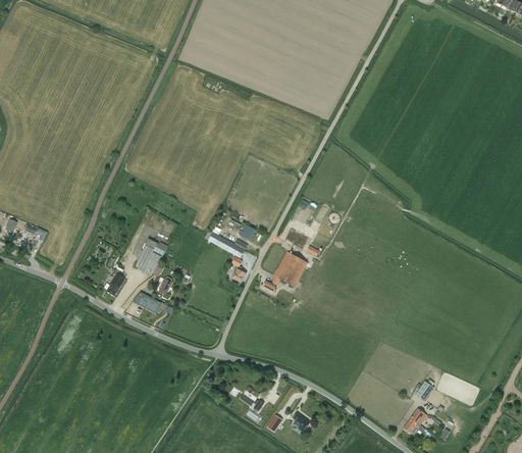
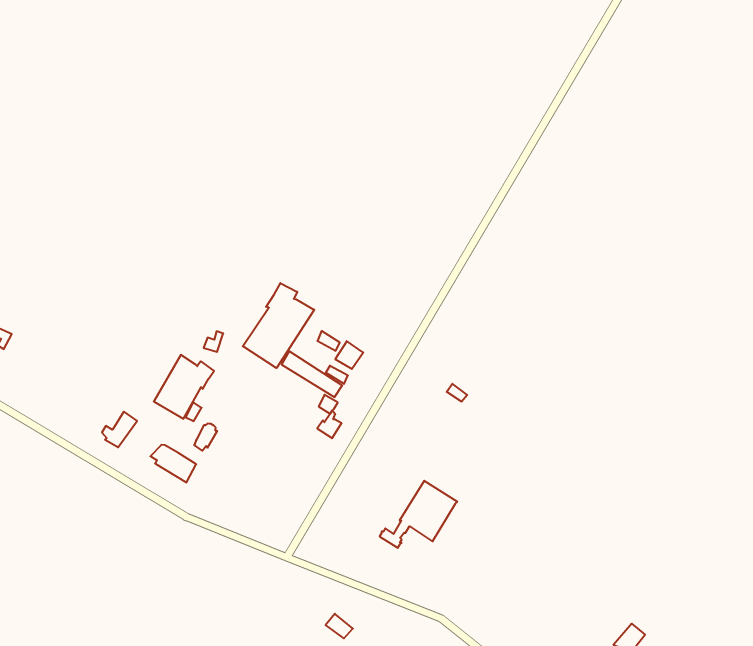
building: none -> [243,283,314,368]
building: [262,251,307,292] -> [380,481,457,548]

